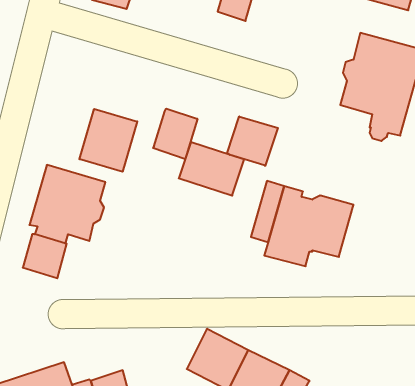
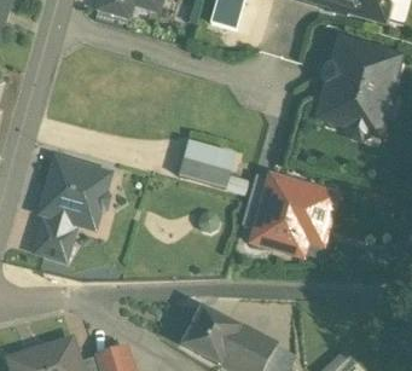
building: [153,109,197,159] -> none
building: [79,109,137,172] -> none
building: [227,116,278,166] -> none

